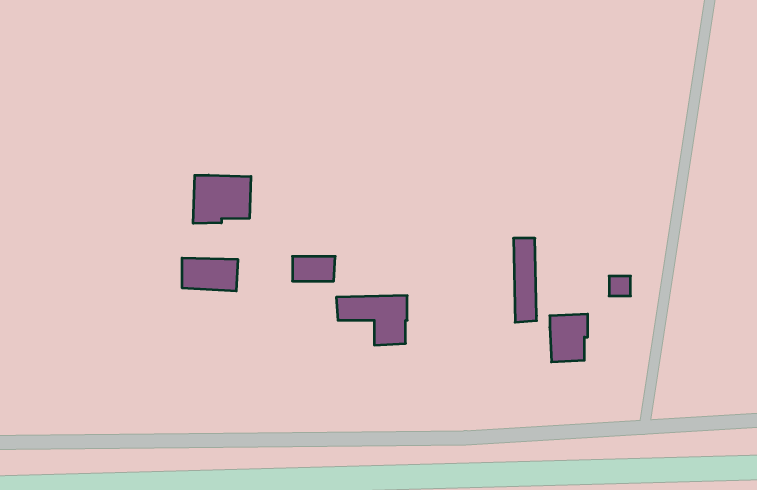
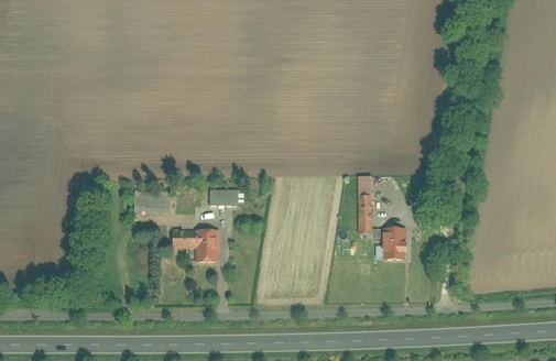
building: [193,175,251,223] -> none
building: [336,296,407,345] -> [173,230,220,263]

